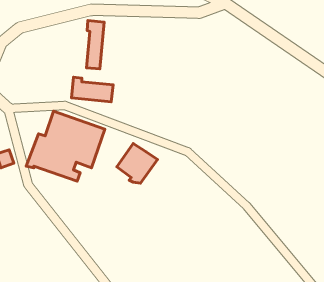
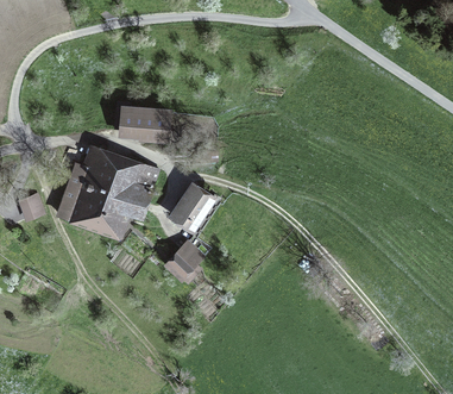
building: [86,21,104,69] -> none
building: none -> [166,236,213,282]

